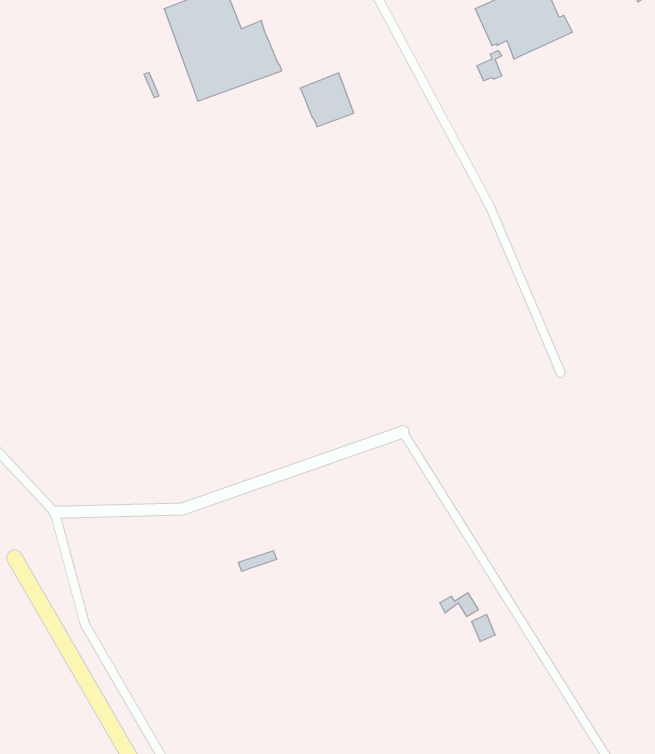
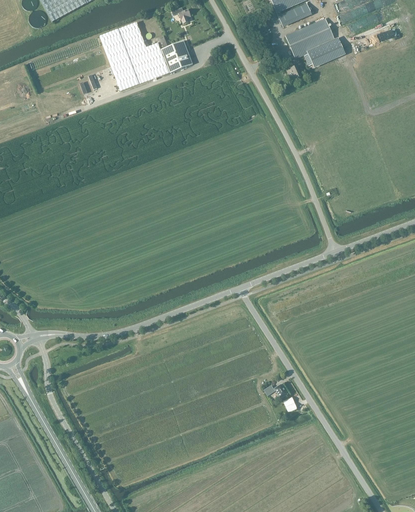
building: [300,73,354,127] -> [160,40,192,72]

